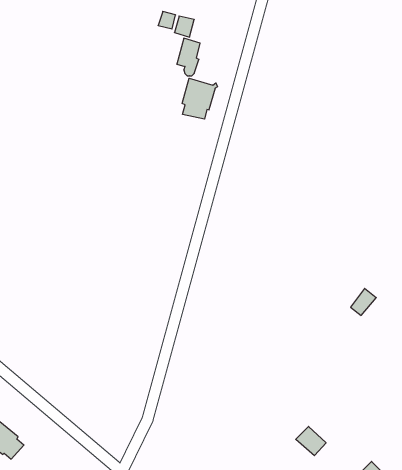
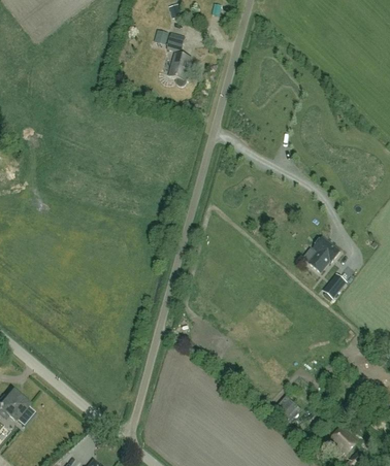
building: [182,78,217,119] -> none
building: none -> [310,237,340,272]

